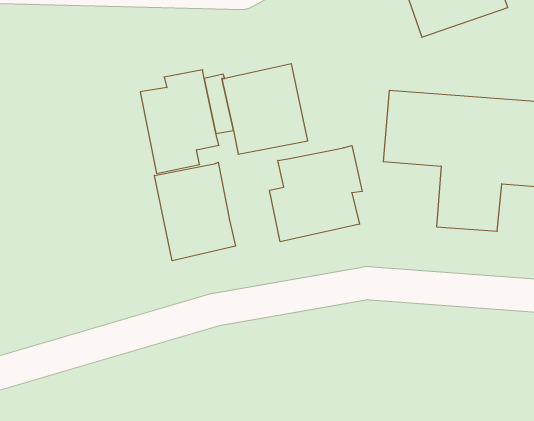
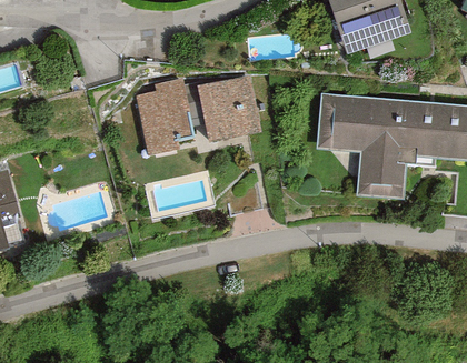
building: [269,146,362,242] -> none
building: [154,162,235,261] -> none

